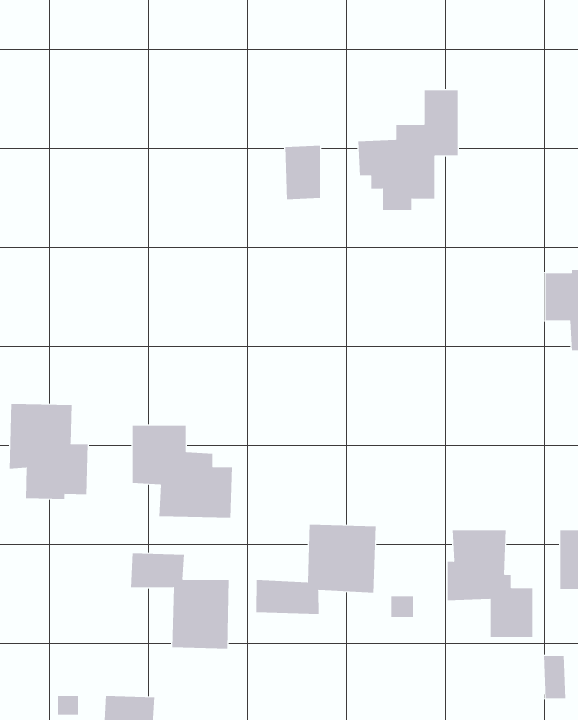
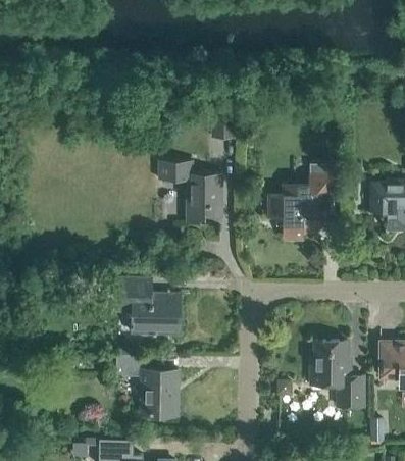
building: [357,90,458,211] -> [269,164,332,239]
building: none -> [159,161,223,222]
building: [9,403,88,500] -> none
building: [256,524,376,615] -> none

